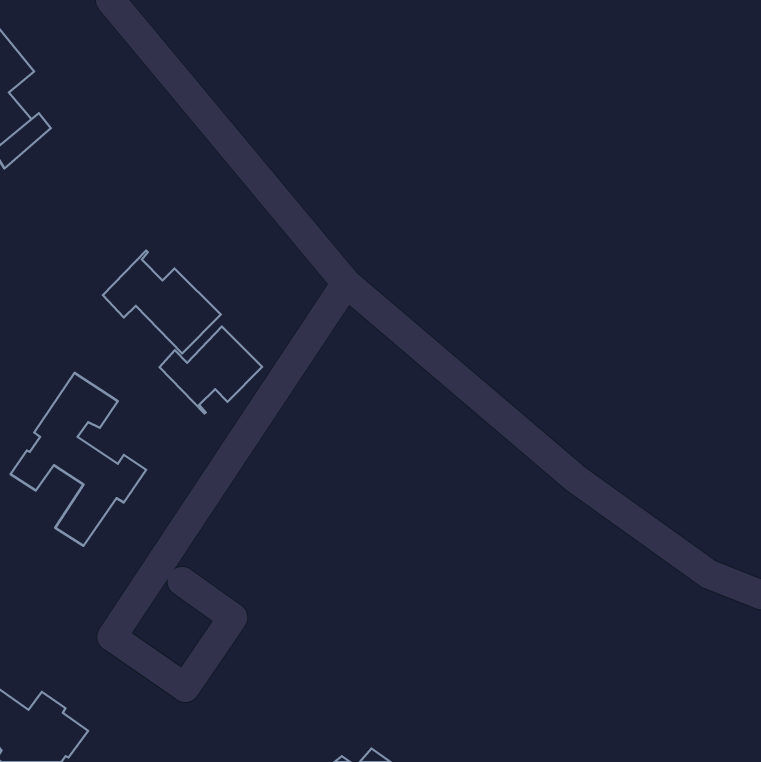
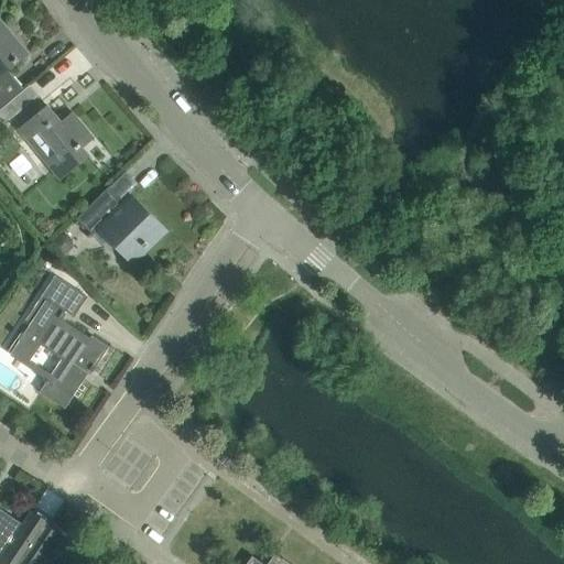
building: none -> [17,105,93,180]
building: [159,327,262,414] -> none

